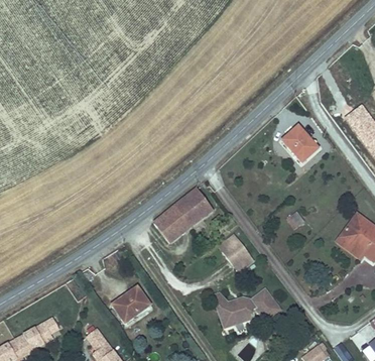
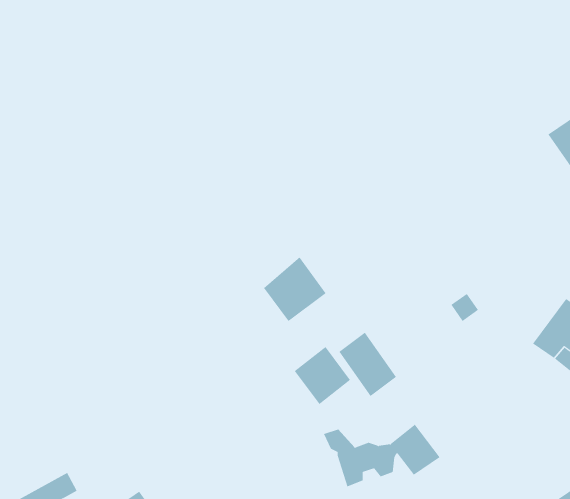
building: [282,127,316,163] -> none
building: [154,208,189,243] -> [294,346,351,405]
building: [112,288,149,322] -> none

